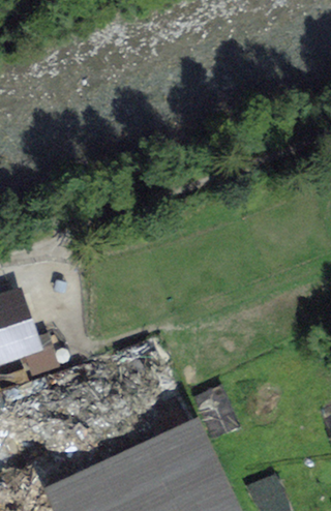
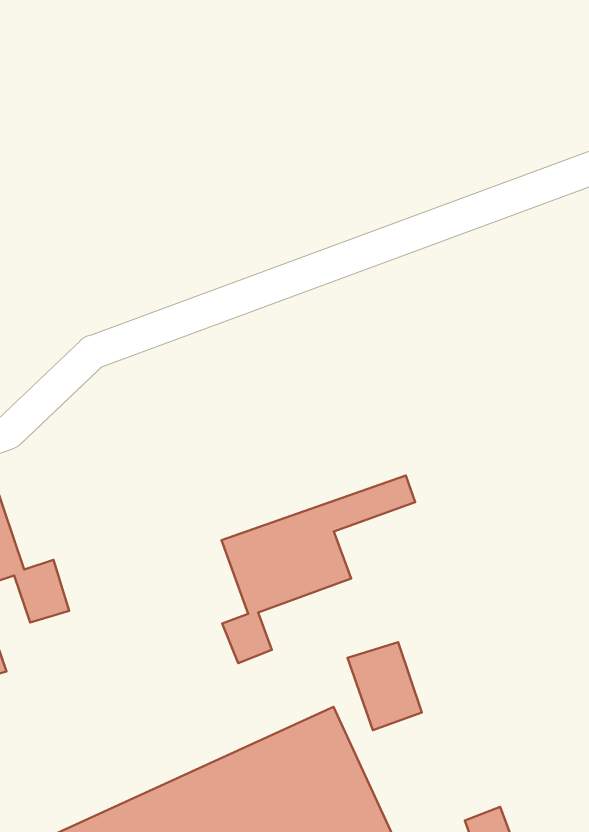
building: none -> [222,475,415,663]

